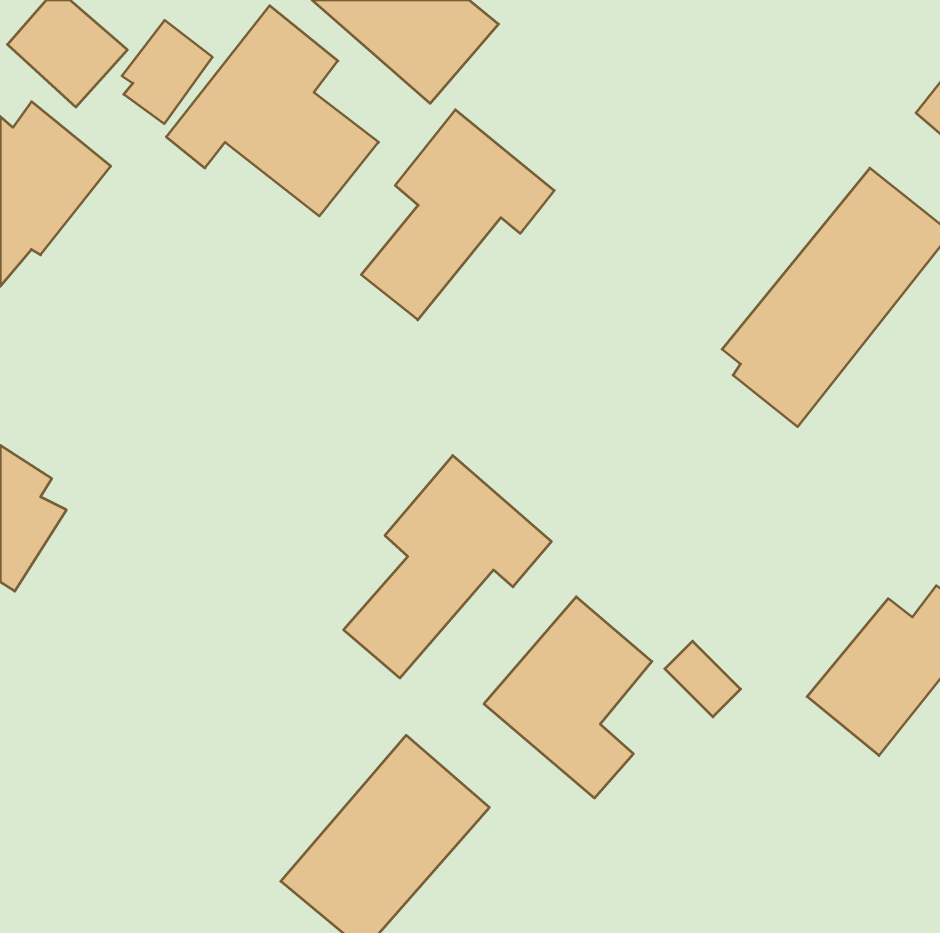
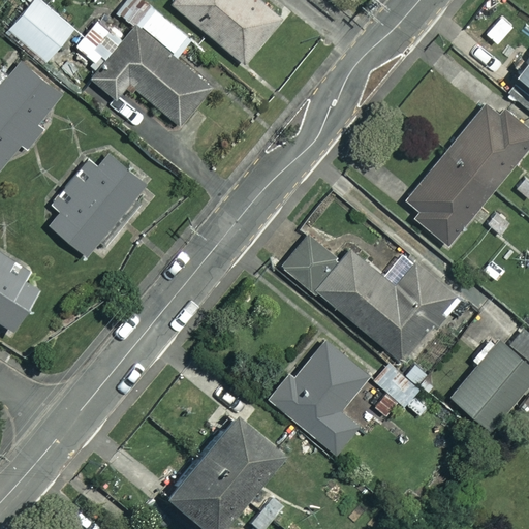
building: [361,110,554,320] -> none
building: none -> [48,153,145,255]
building: none -> [284,235,458,361]
building: [344,455,551,678] -> none

